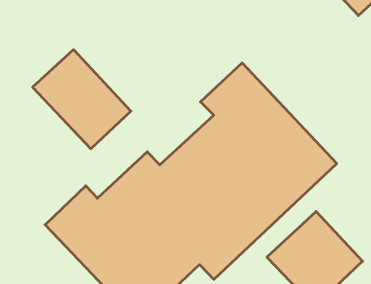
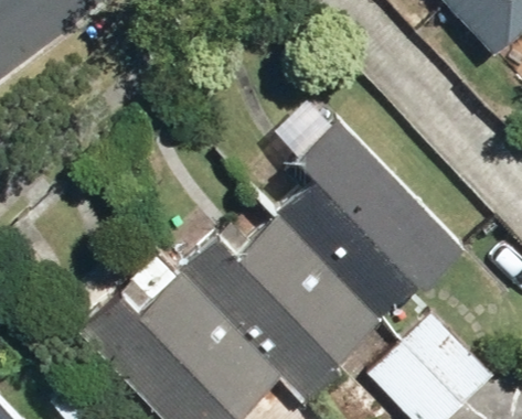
building: [33,50,131,149] -> none

